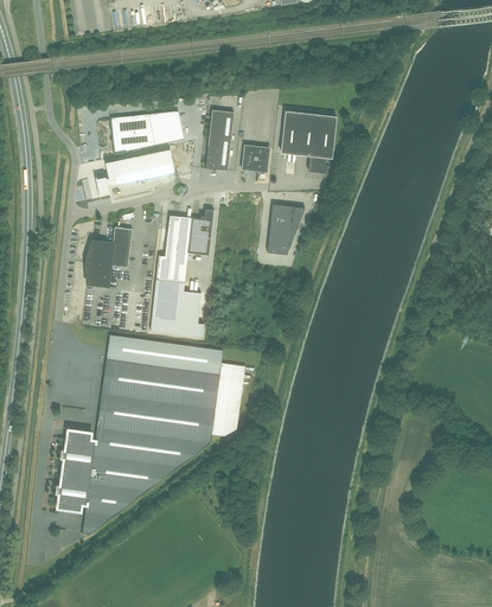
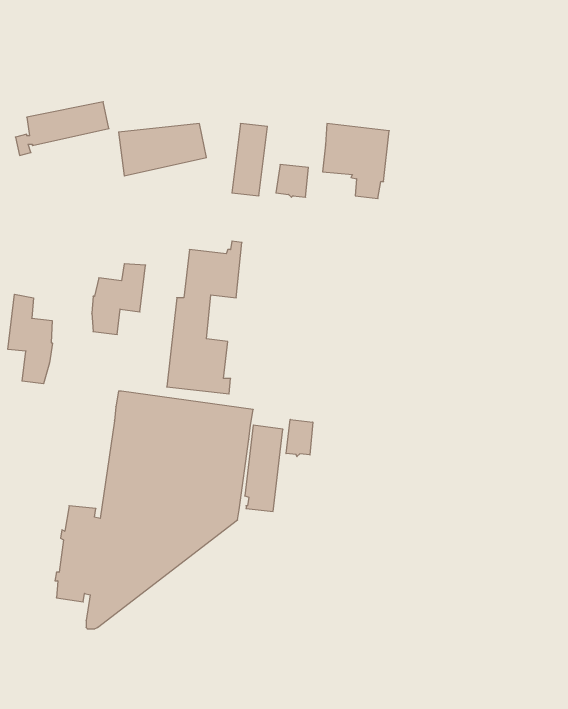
building: [95,149,173,194] -> [15,102,109,155]
building: [266,204,303,255] -> none
building: none -> [8,294,52,384]
building: none -> [286,419,313,457]

